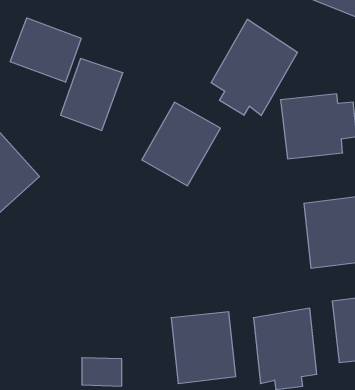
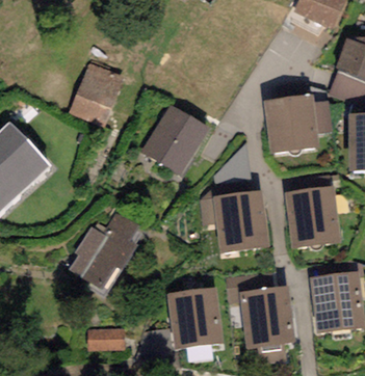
building: [10,18,81,82] -> none
building: [211,19,297,116] -> none
building: none -> [200,192,269,252]
building: none -> [69,213,141,289]

